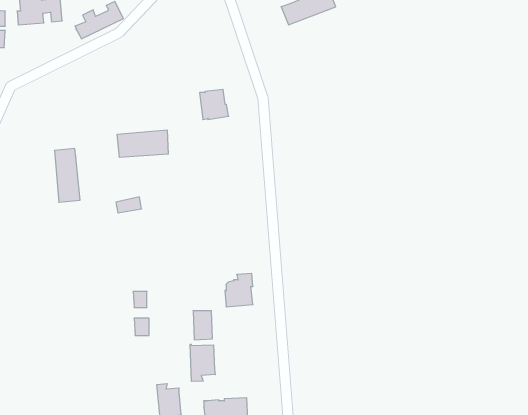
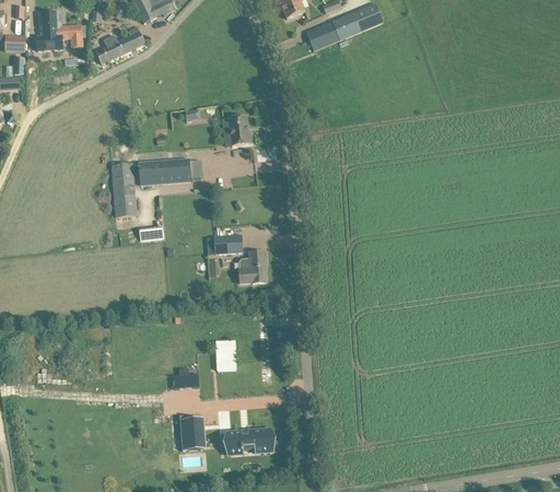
building: [54,149,80,202] -> [110,162,137,216]
building: none -> [205,234,242,253]
building: [225,273,253,307] -> [237,249,266,283]
building: [190,344,215,381] -> none

